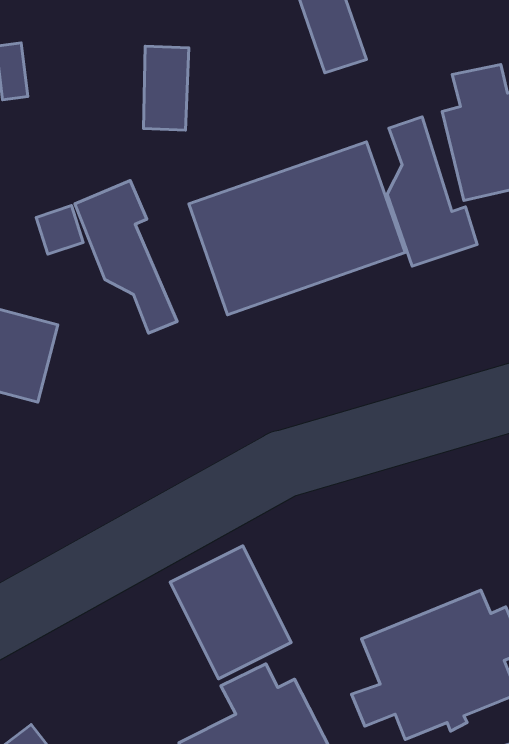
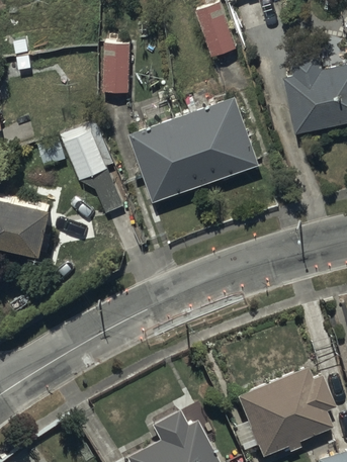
building: [387,117,477,266] -> none
building: [170,546,291,679] -> none

